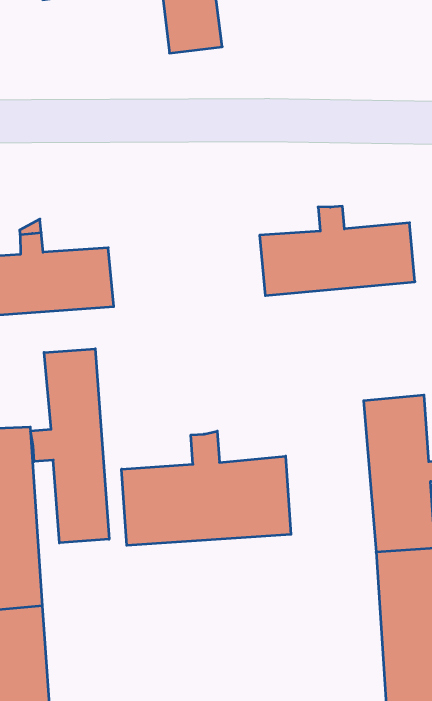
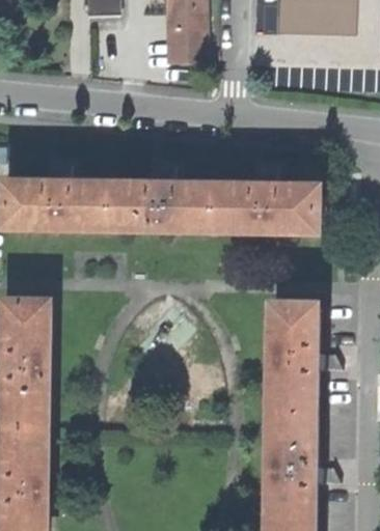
building: none -> [114,171,218,229]
building: [31,349,109,543] -> none
building: [122,431,291,545] -> none

